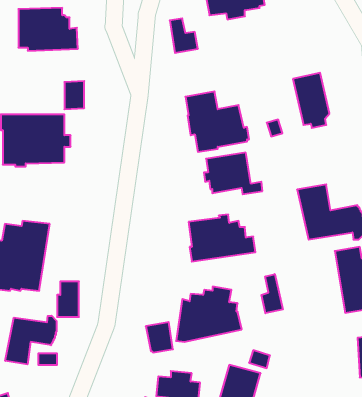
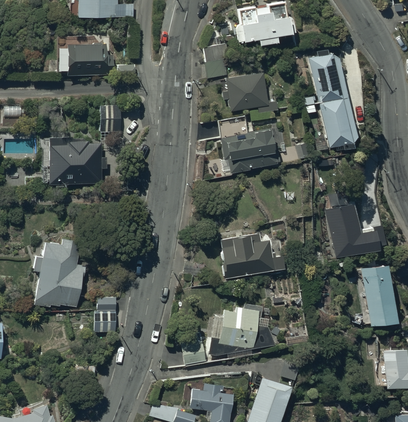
building: none -> [309,49,347,103]
building: [204,153,262,194] -> [222,72,278,112]
building: [261,274,283,313] -> none
building: [5,316,57,364] -> none

